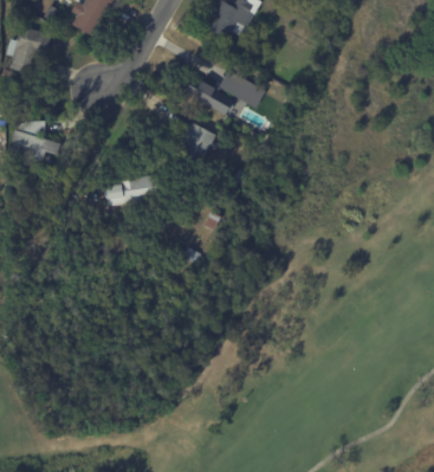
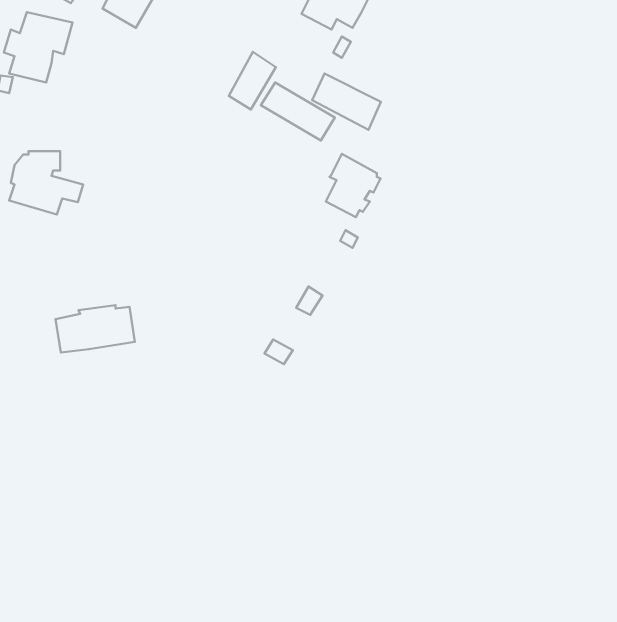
building: none -> [229,52,276,109]
building: [181,121,218,163] -> [326,154,380,217]
building: [103,174,156,206] -> [56,305,135,353]

